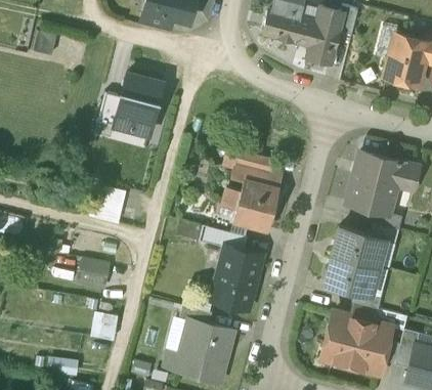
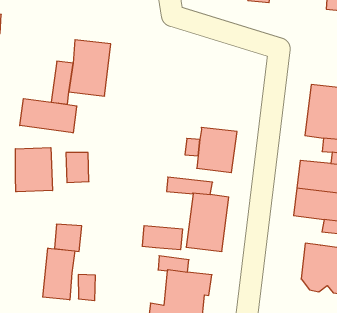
building: none -> [20,99,77,133]
building: [223,147,283,189] -> none
building: none -> [15,148,52,192]
building: none -> [142,226,182,250]
building: none -> [43,248,75,300]

